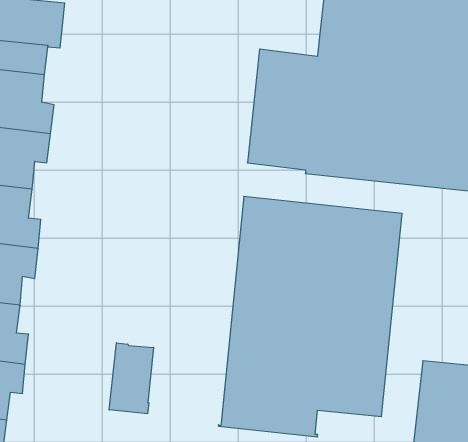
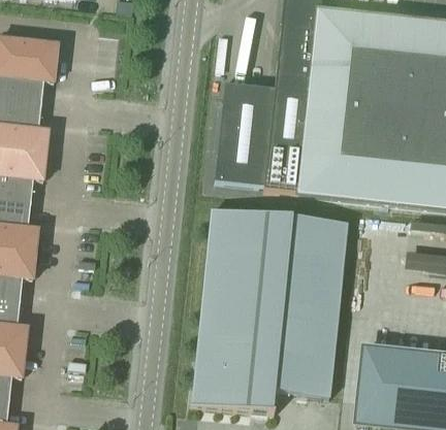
building: [109,343,154,414] -> none

